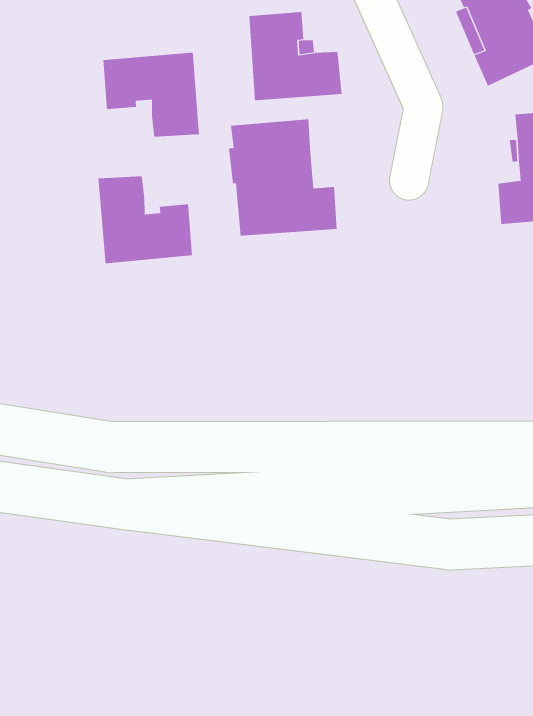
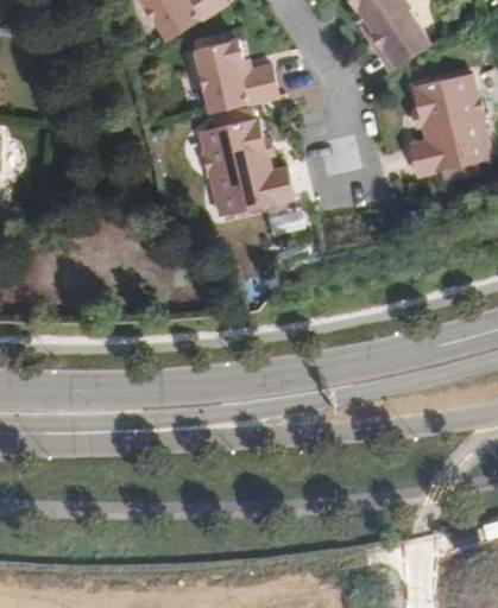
building: [103,52,200,137] -> none
building: [98,175,193,264] -> none

